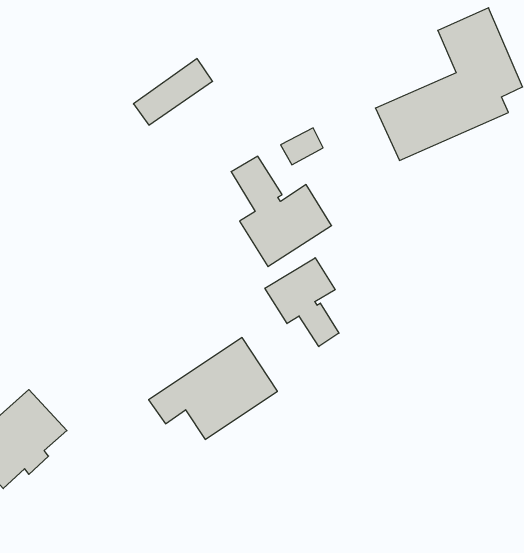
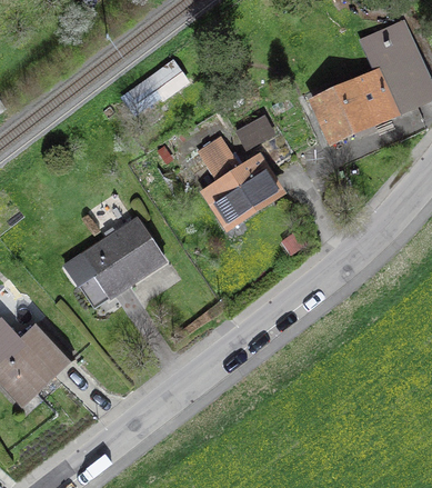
building: [265,258,339,347] -> none
building: [149,338,277,439] -> [63,218,164,298]

